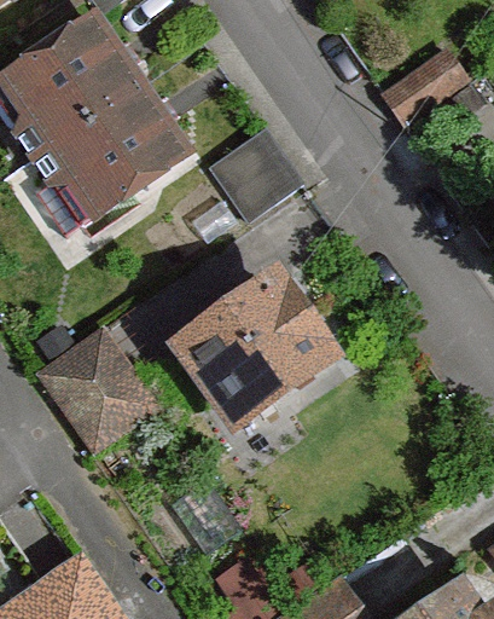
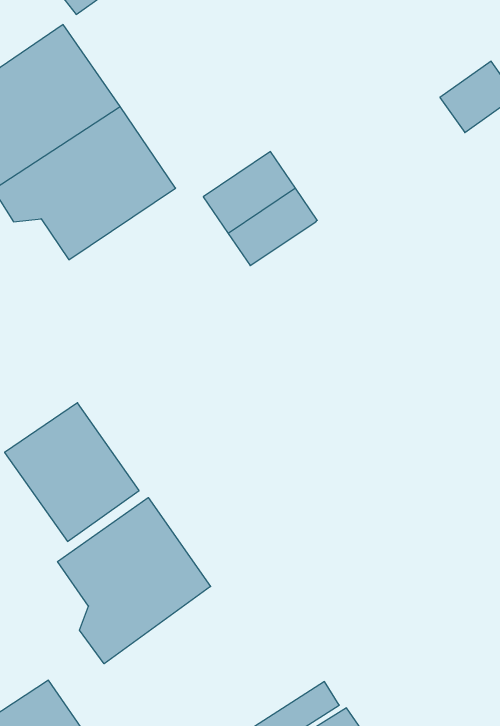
building: [187,285,325,421] -> none
building: none -> [58,498,211,664]

